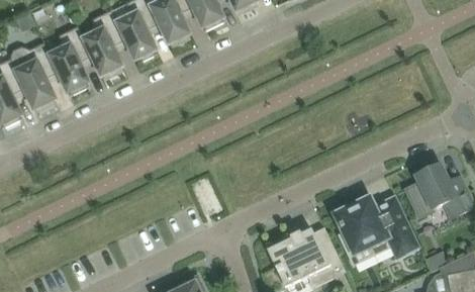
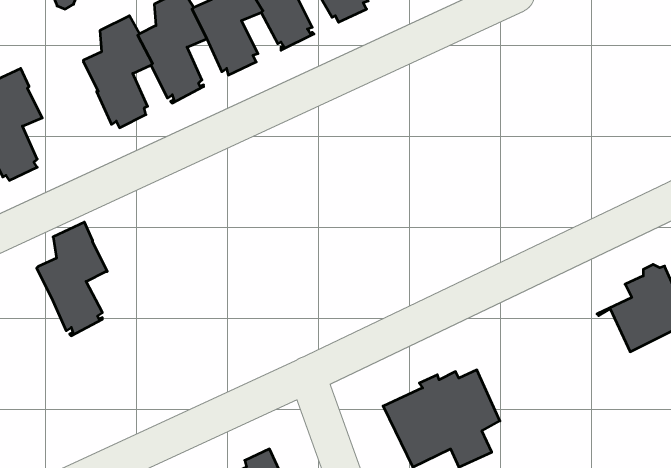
building: [49,26,92,96] -> [37,222,107,336]
building: [335,196,419,263] -> none

